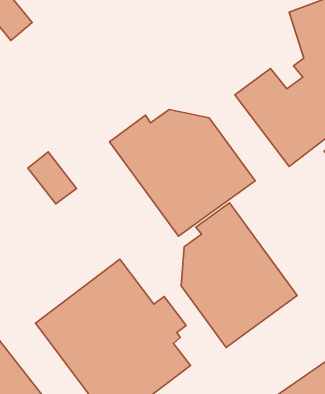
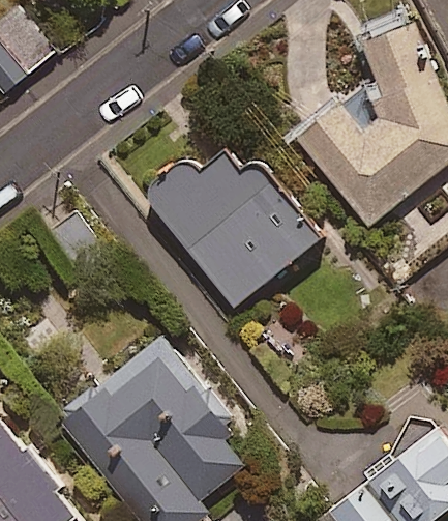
building: [181,203,297,348] -> none

